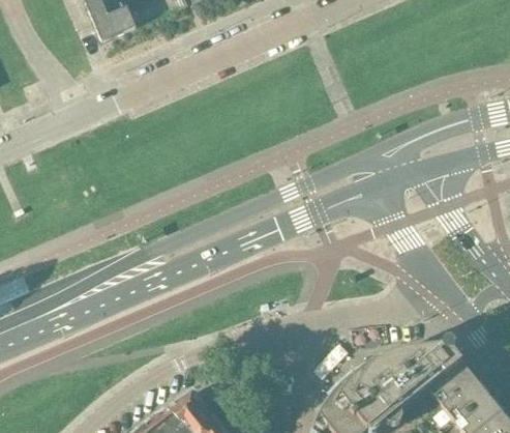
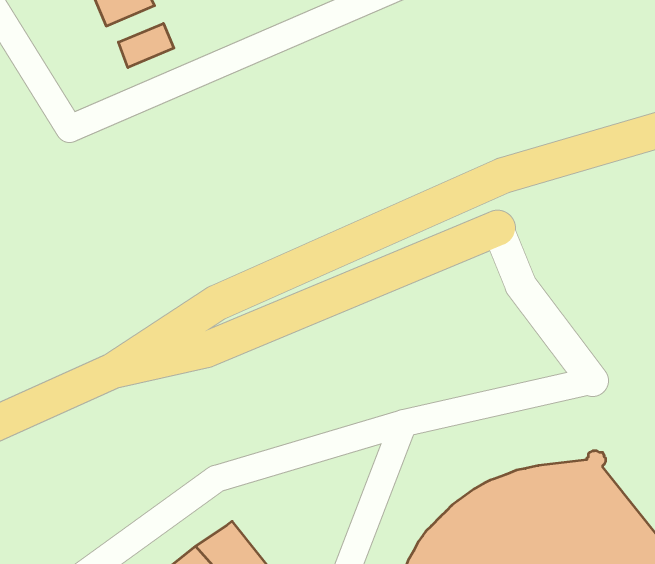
building: none -> [118,23,174,68]

